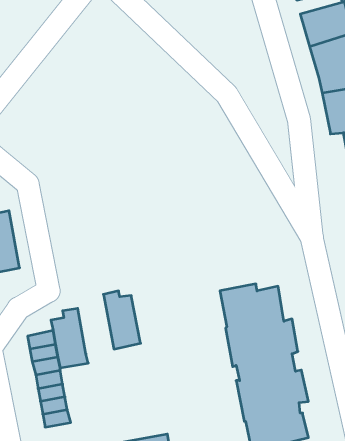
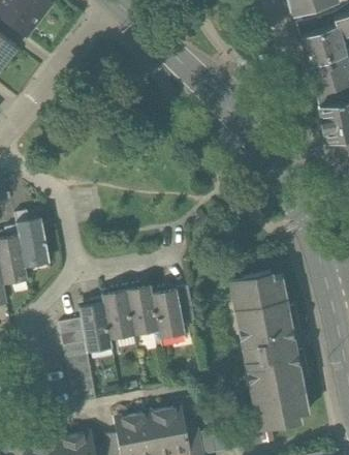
building: none -> [102,286,135,339]
building: none -> [152,287,184,338]

